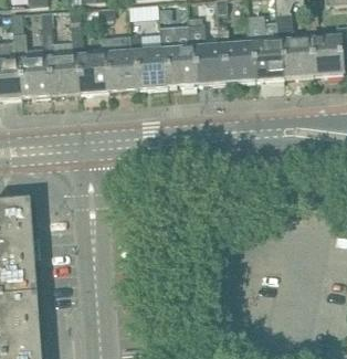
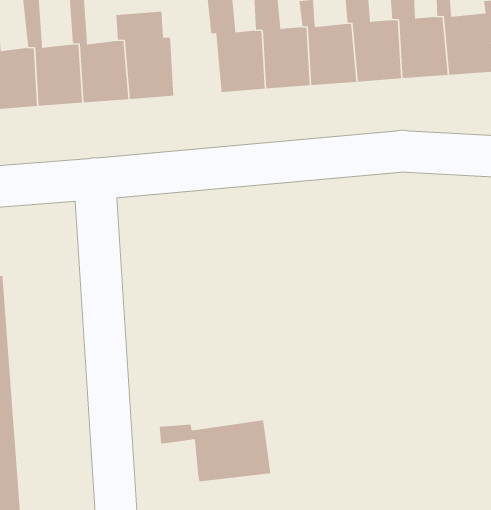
building: [130,33,168,88] -> none
building: none -> [159,420,271,482]

